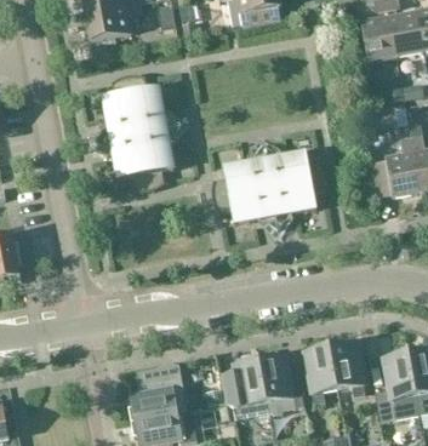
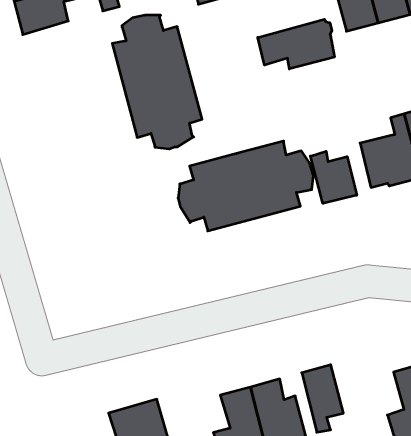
building: none -> [258,19,334,69]
building: [102,74,173,190] -> [112,15,202,149]
building: none -> [310,151,357,203]
building: [330,341,365,395] -> none

